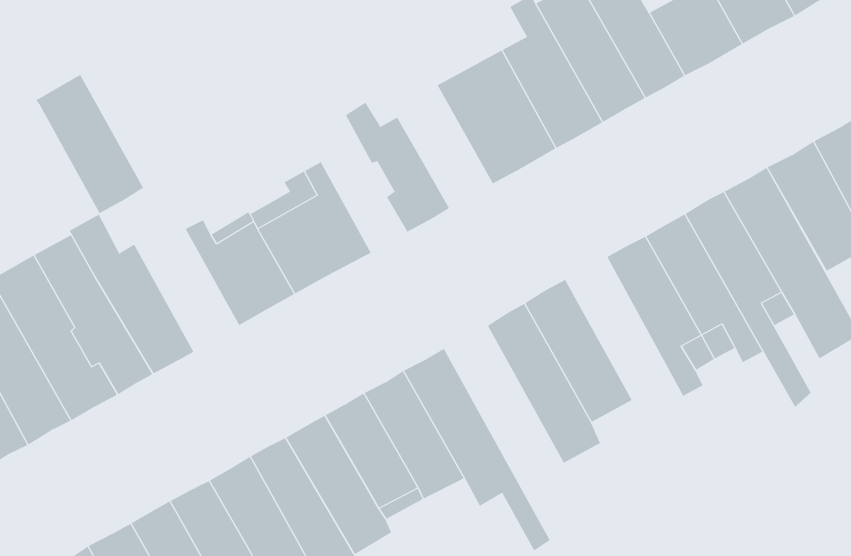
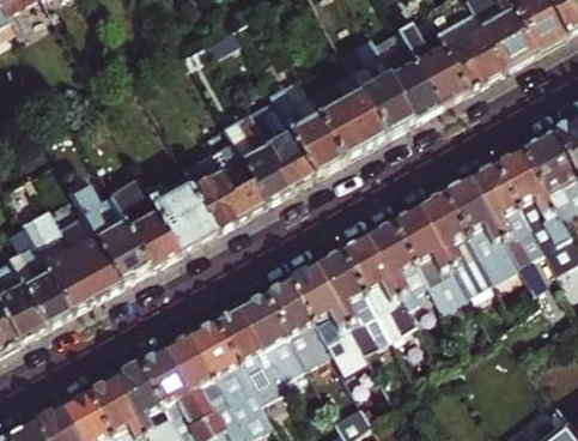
building: none -> [270,78,343,175]
building: [36,74,144,214] -> [111,177,181,267]
building: none -> [233,115,288,204]
building: none -> [390,206,466,310]
building: none -> [312,250,389,367]

